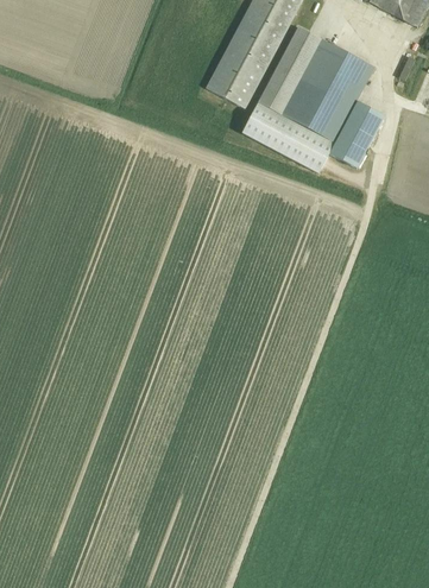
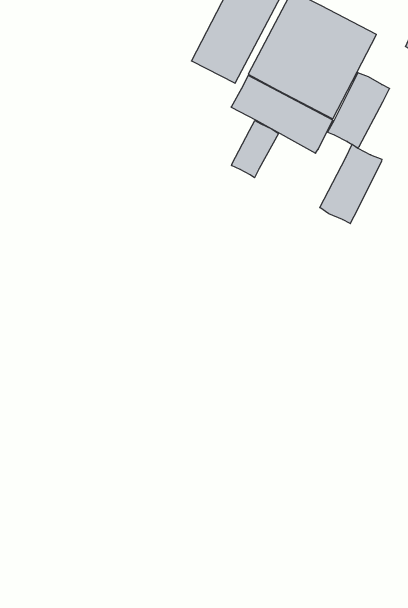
building: none -> [232,121,278,178]
building: none -> [320,144,382,224]

